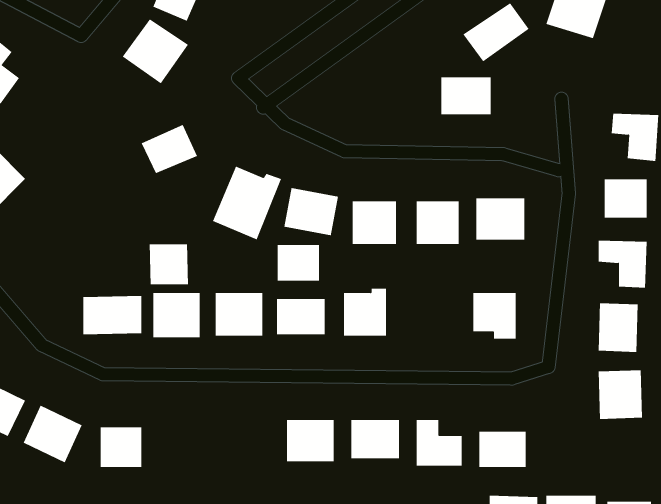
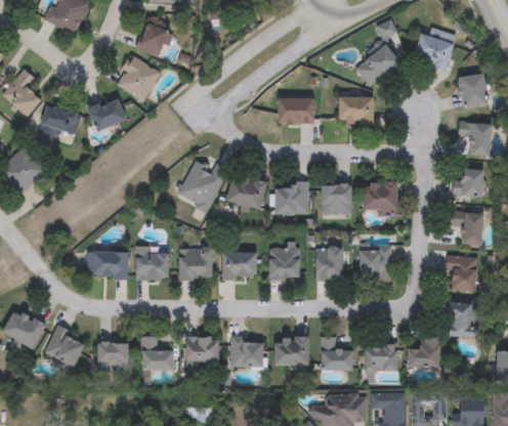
building: none -> [458,74,486,106]
building: none -> [279,97,314,123]
building: none -> [42,101,81,134]
building: [141,124,198,174] -> [88,95,128,130]
building: [149,244,188,285] -> none
building: [277,244,319,281] -> none
building: none -> [315,247,343,280]
building: none -> [185,336,219,366]
building: none -> [141,337,174,370]
building: none -> [408,337,439,368]

